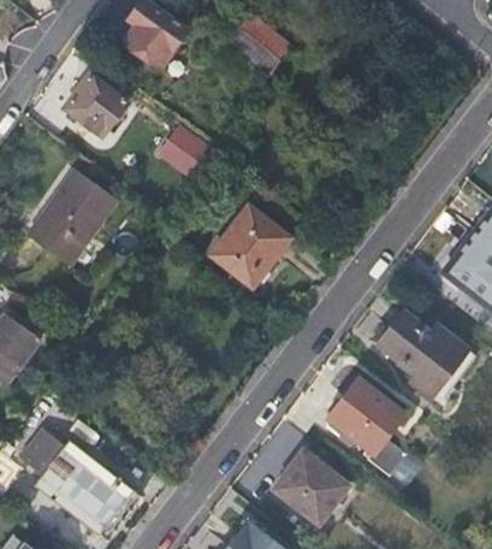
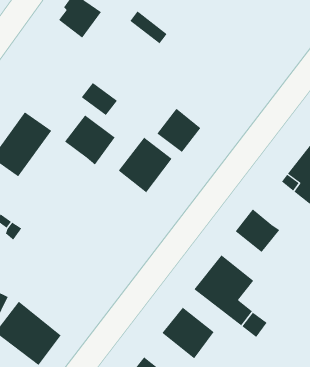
building: [63,75,128,137] -> none
building: none -> [157,108,201,153]
building: none -> [64,115,116,165]
building: [411,325,476,403] -> none

